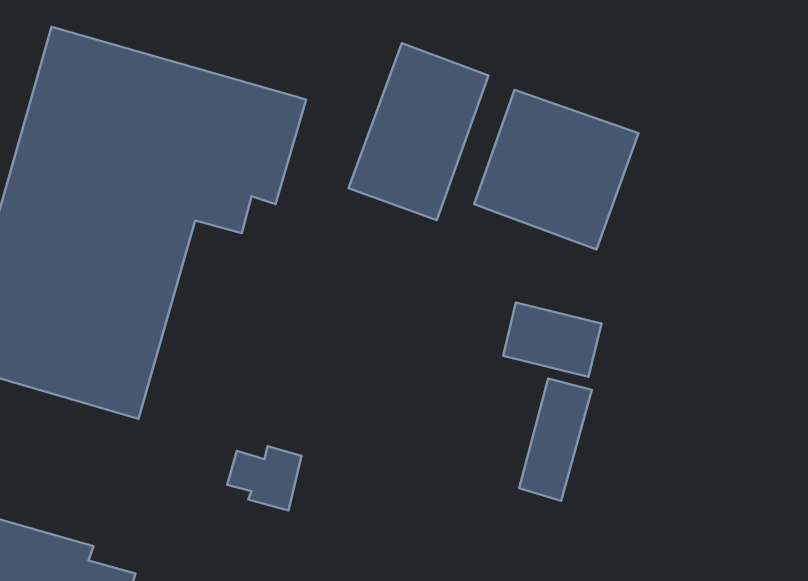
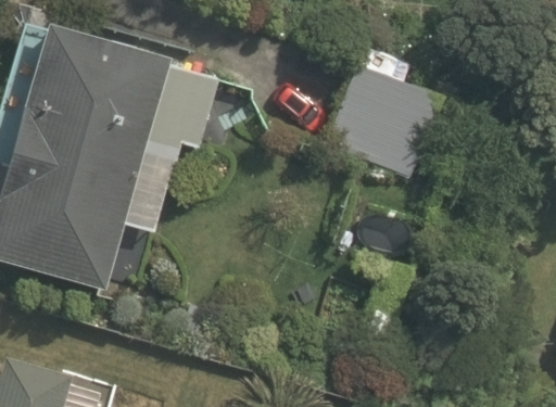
building: [348,43,488,220] -> none

